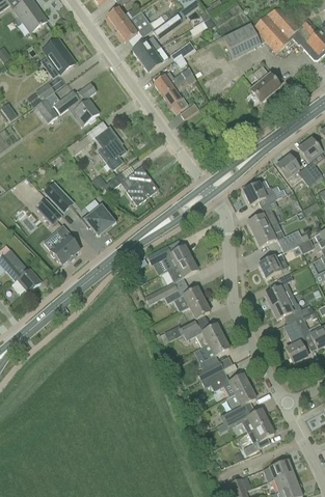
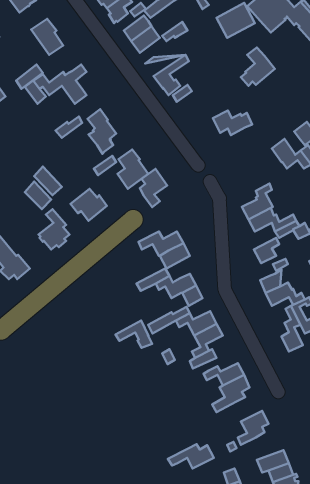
building: [243,182,281,205] -> [213,111,252,135]
building: none -> [140,169,167,207]
building: none -> [115,321,152,348]
building: [222,407,267,431] -> [168,444,214,469]

